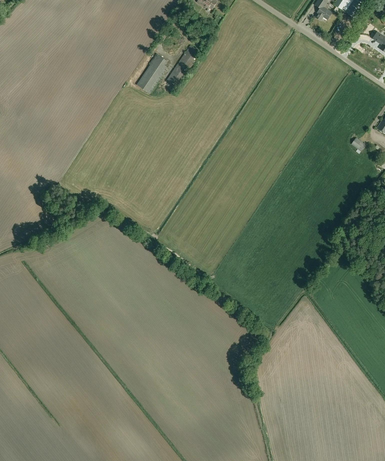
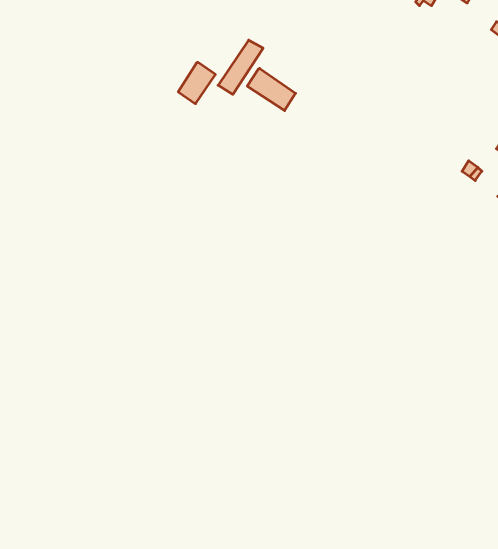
building: none -> [247,68,296,111]

